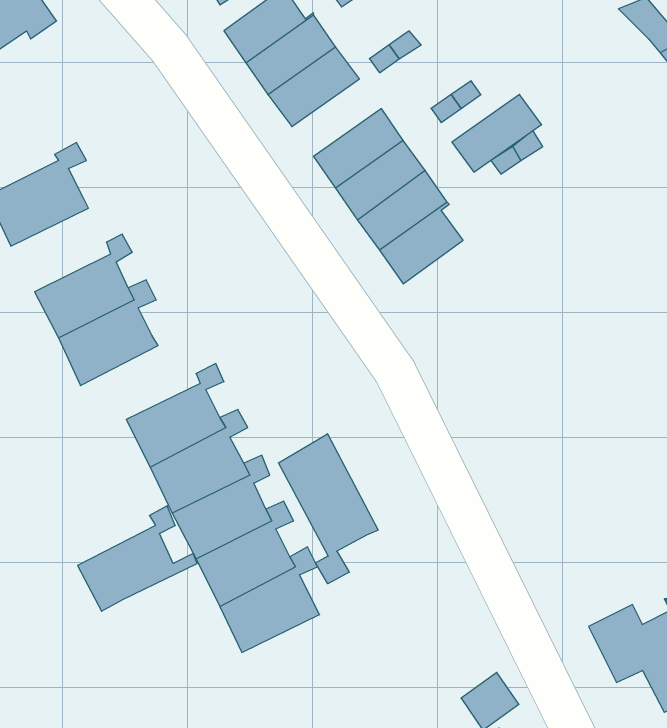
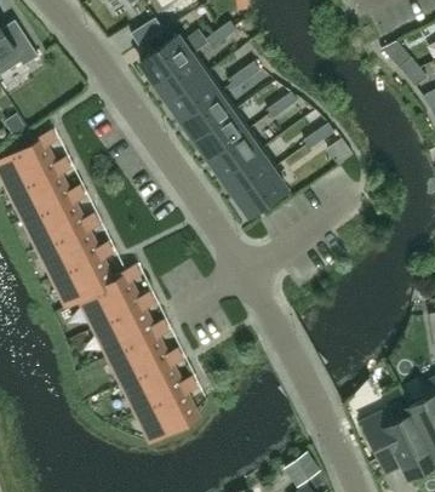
building: [452,94,542,172] -> [183,91,237,138]
building: none -> [12,158,73,221]
building: [278,434,378,584] -> none
building: [78,506,197,611] -> [55,241,127,305]

